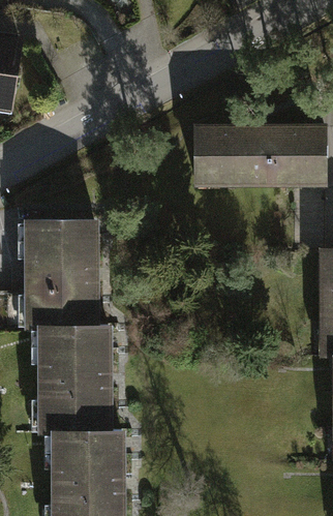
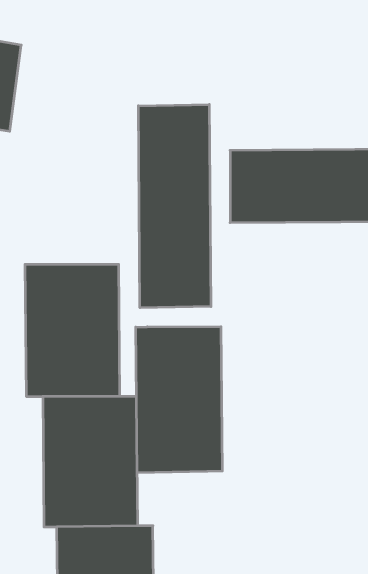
building: none -> [138,104,211,308]
building: none -> [136,327,222,473]

